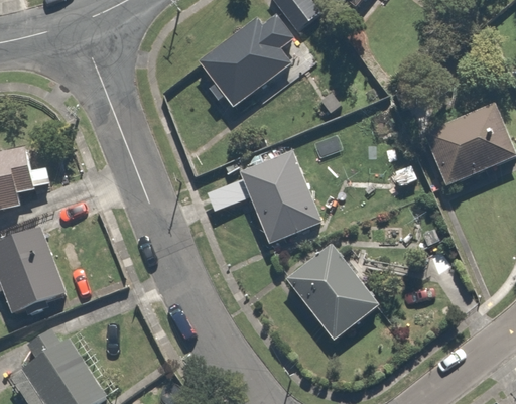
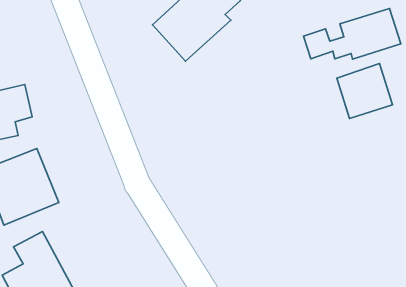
building: none -> [303,9,401,59]
building: [242,150,322,240] -> none
building: [287,242,378,338] -> none

